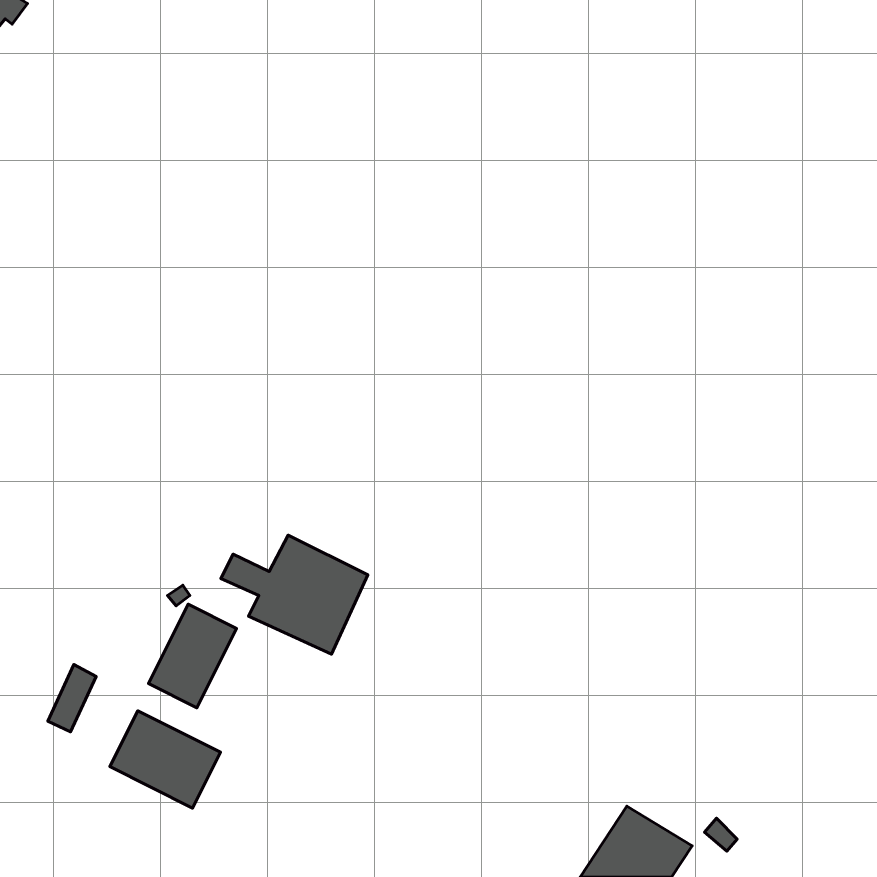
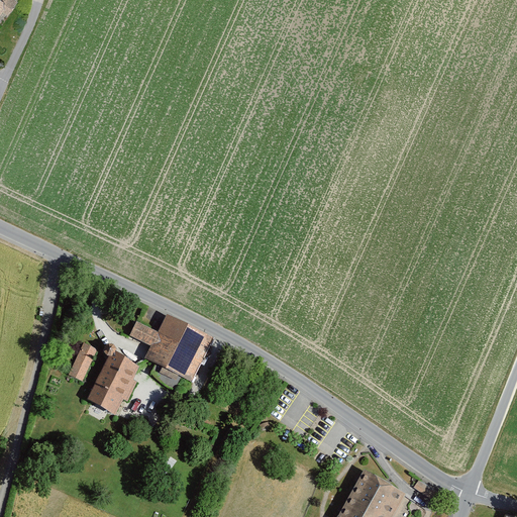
building: [48,664,96,732] -> [68,341,96,381]
building: [110,711,220,808] -> none

